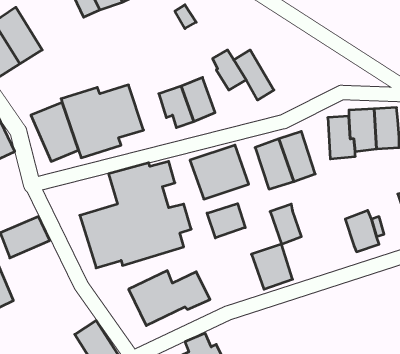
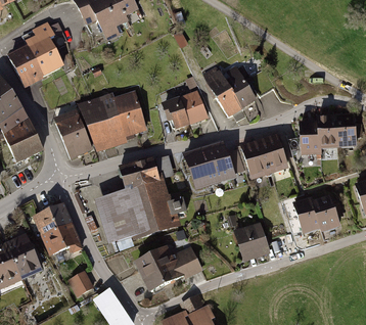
building: none -> [218,91,246,121]
building: [207,204,245,238] -> none
building: [270,204,301,244] -> [294,199,320,232]
building: none -> [39,222,83,257]
building: none -> [66,270,93,296]

